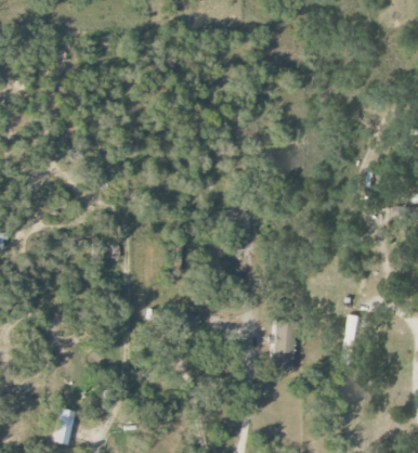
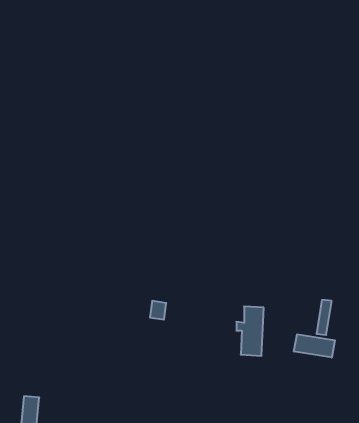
building: none -> [294,334,335,358]

